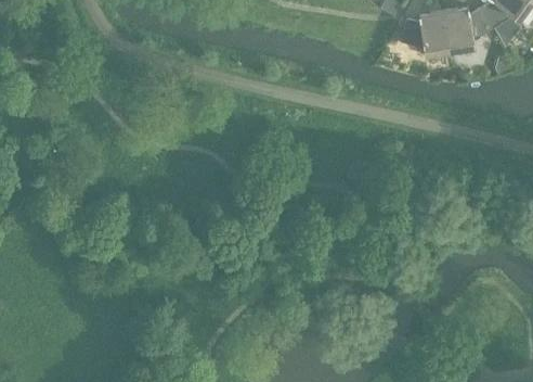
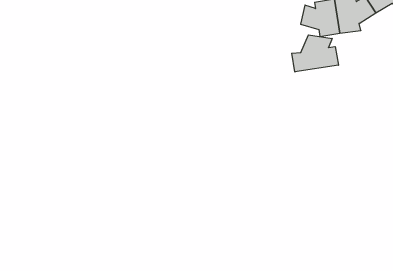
building: none -> [292,35,338,72]

